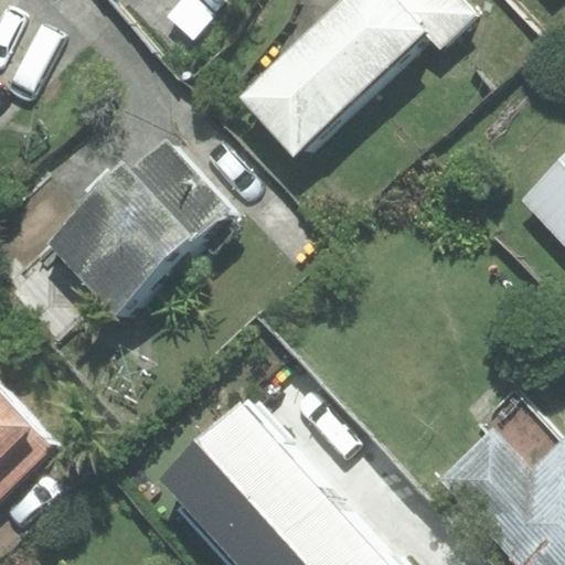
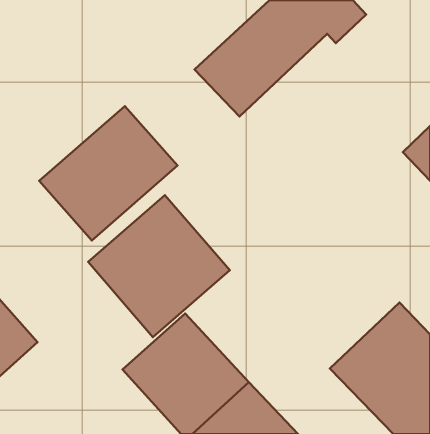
building: none -> [88,195,230,337]

